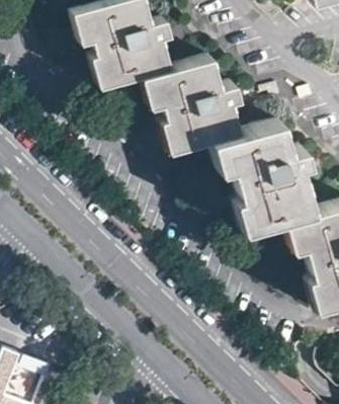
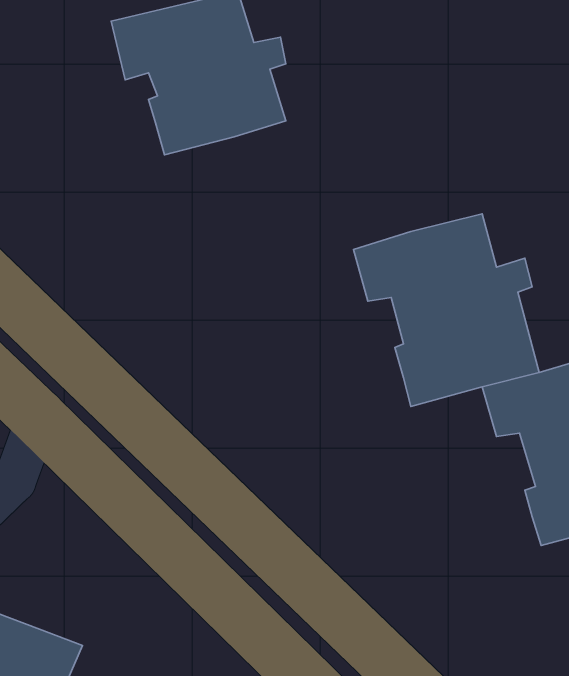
building: [143,59,243,153] -> none

